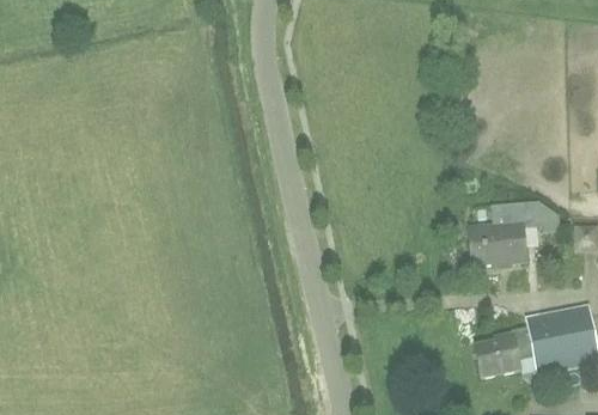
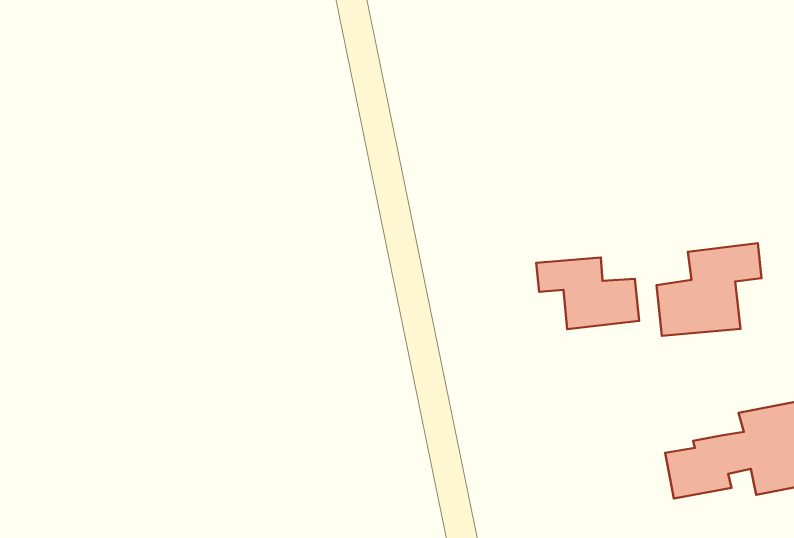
building: none -> [536,257,639,329]

